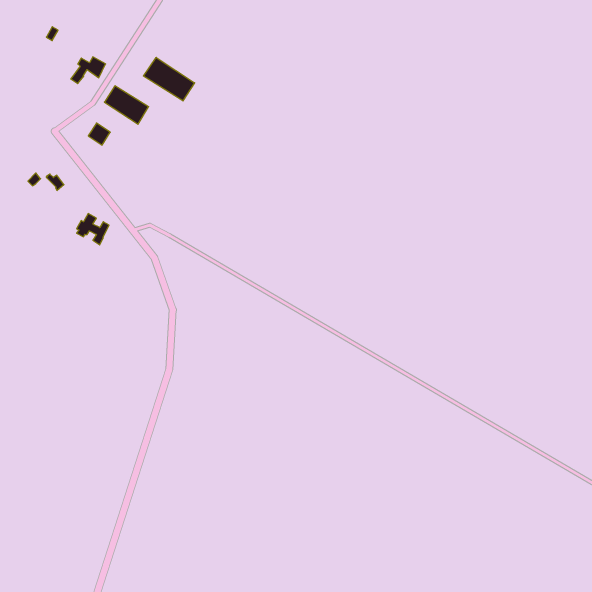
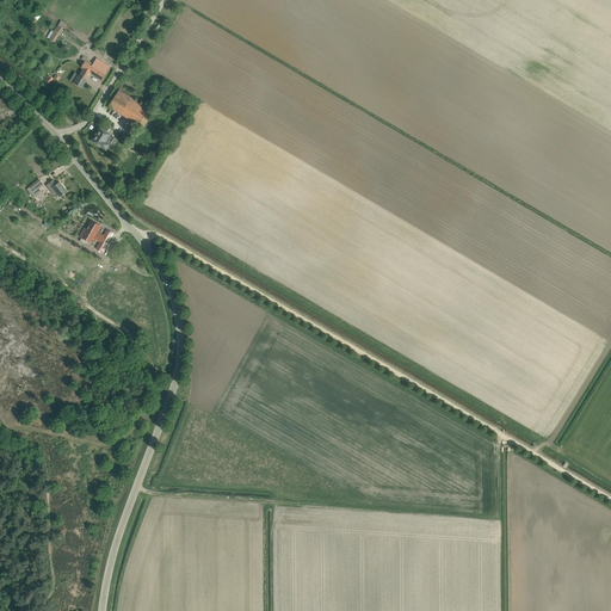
building: [143,57,195,101] -> none

